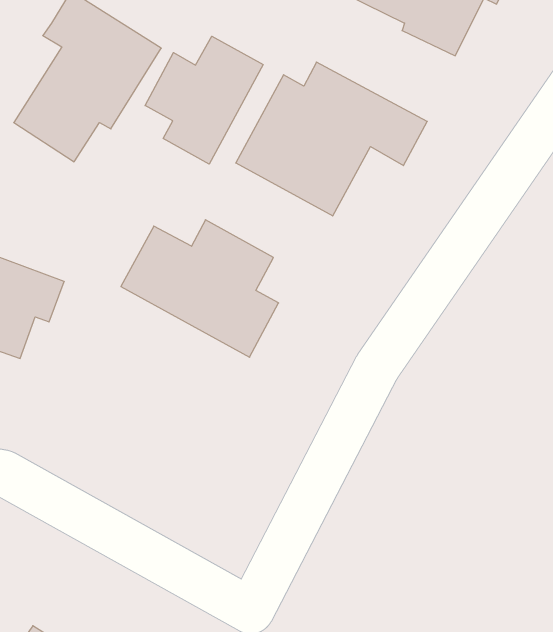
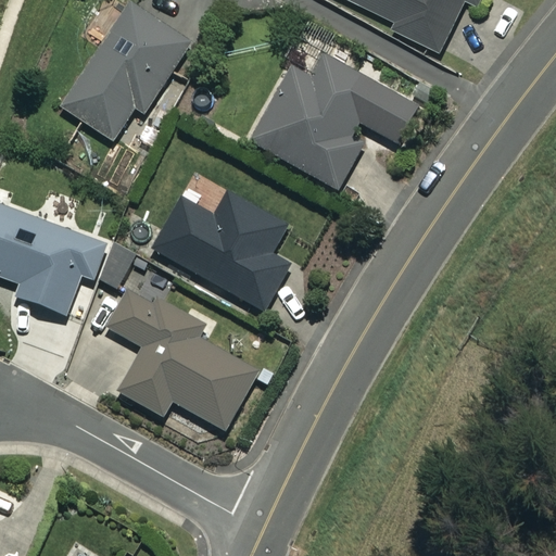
building: [145,36,263,164] -> none
building: none -> [108,283,255,429]

